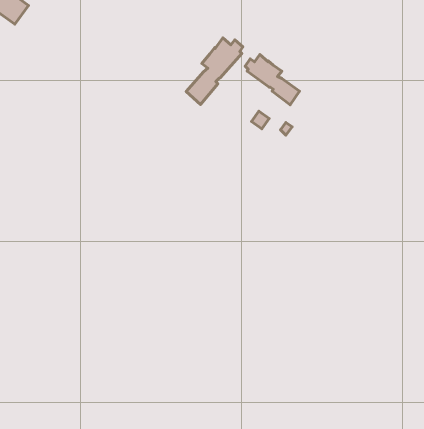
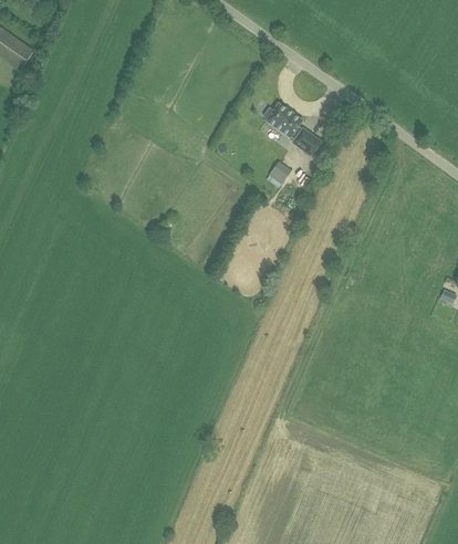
building: [186,38,243,105] -> none

